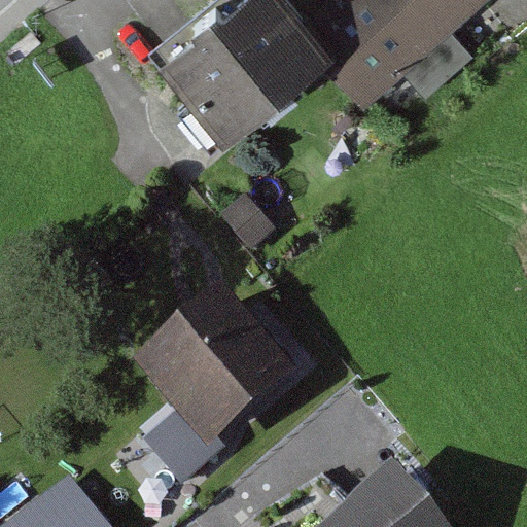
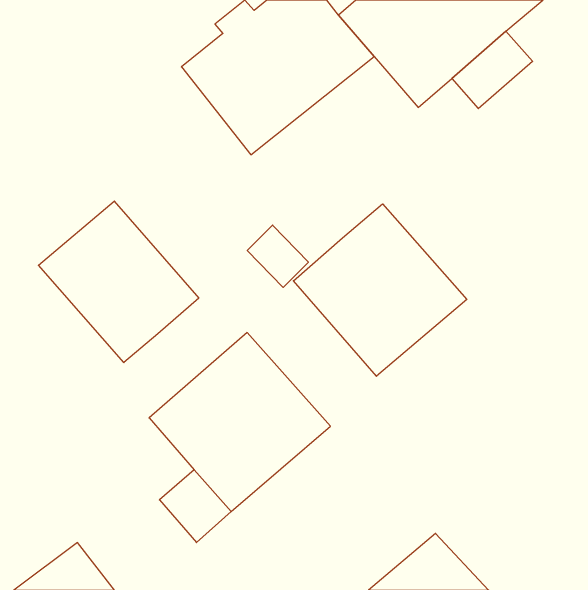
building: none -> [38,201,199,363]
building: none -> [293,204,467,376]

